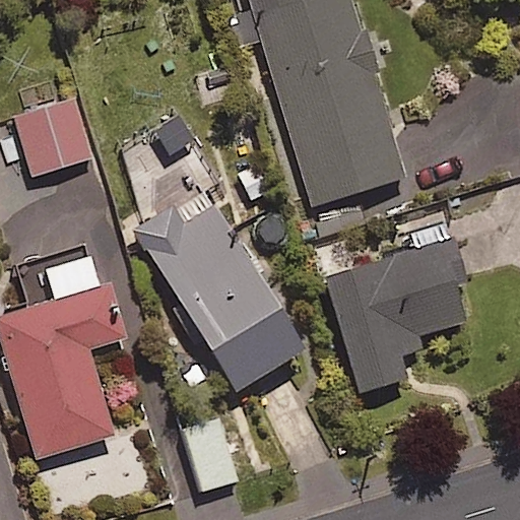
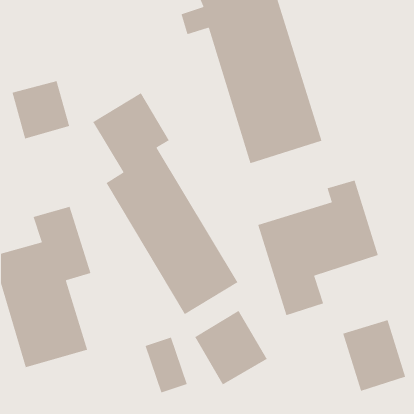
building: none -> [194,310,268,385]
building: none -> [342,319,406,392]

